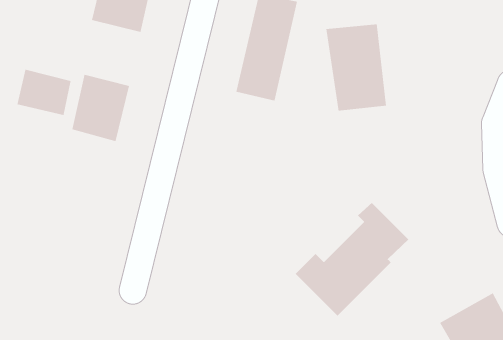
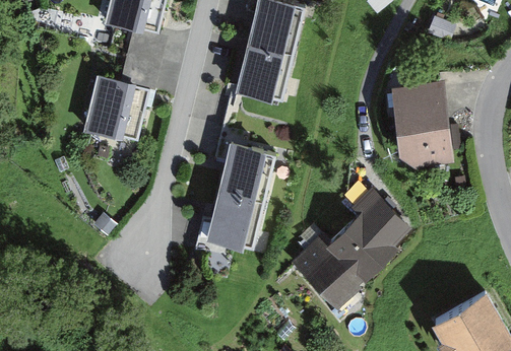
building: [325,24,387,111] -> [395,83,455,168]
building: [17,69,71,116] -> none
building: none -> [210,142,269,245]

